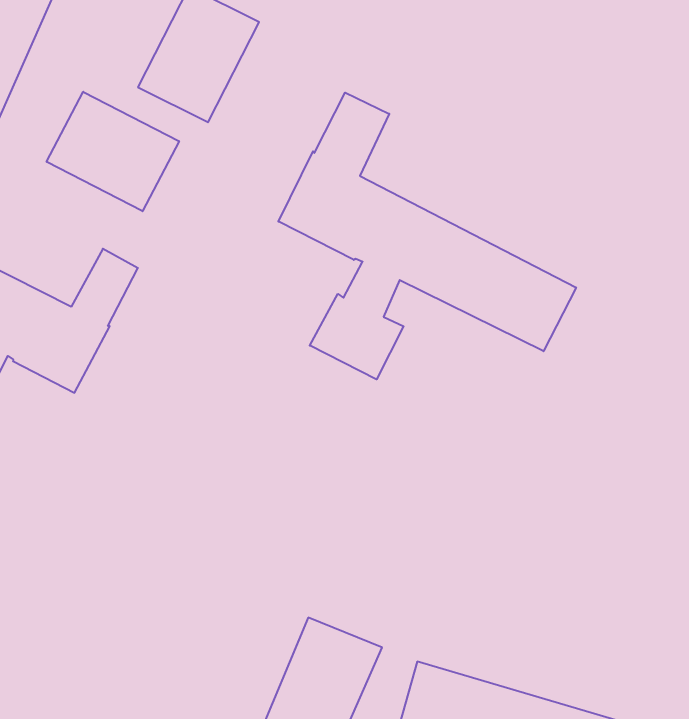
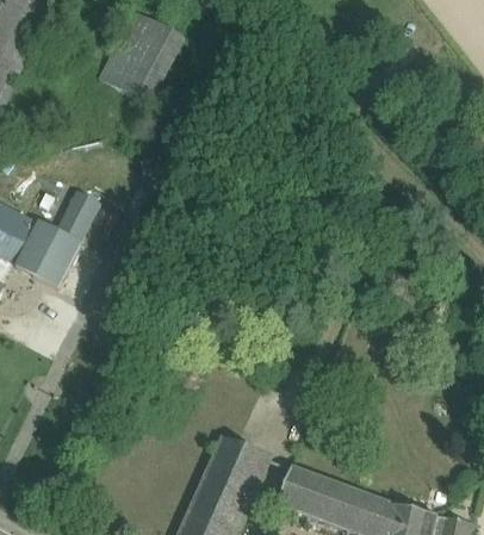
building: [47,92,179,211] -> none
building: [278,93,576,379] -> none

